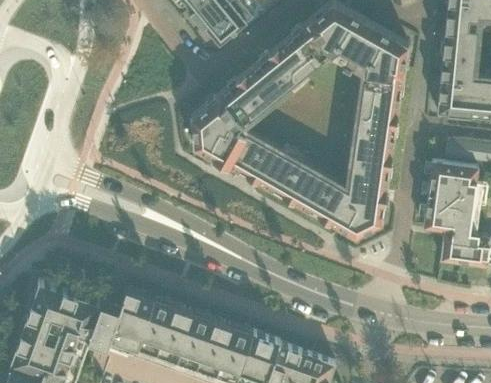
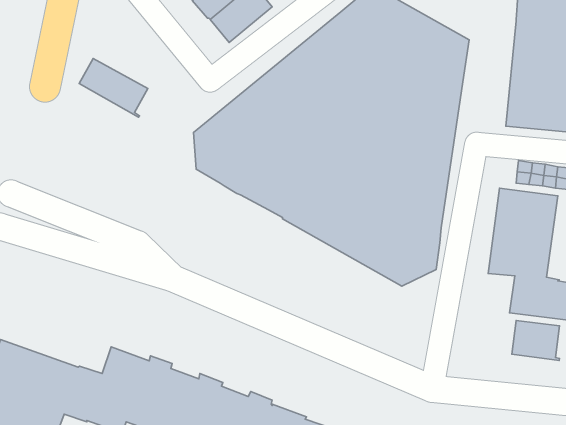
building: none -> [79,58,148,117]
building: none -> [512,321,560,361]

